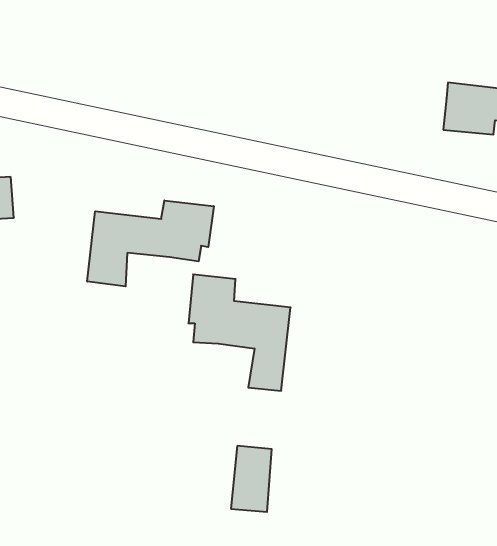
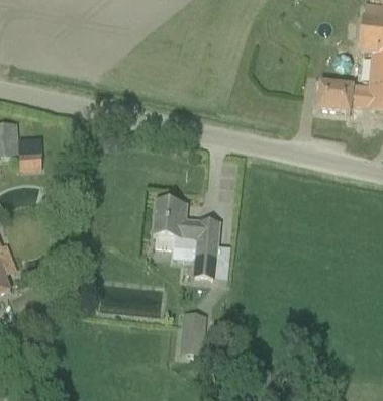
building: [87,200,214,286] -> none

